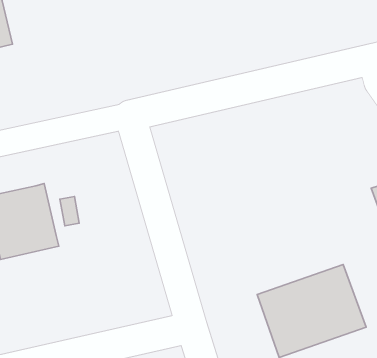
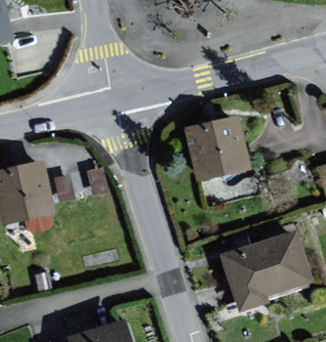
building: none -> [182,116,249,181]

